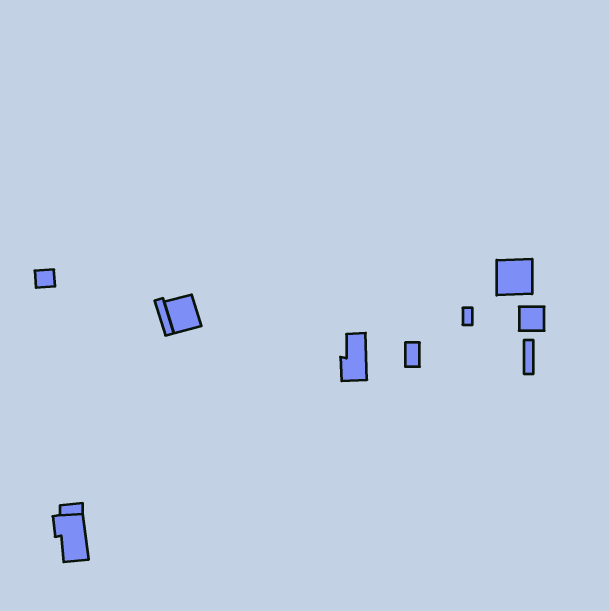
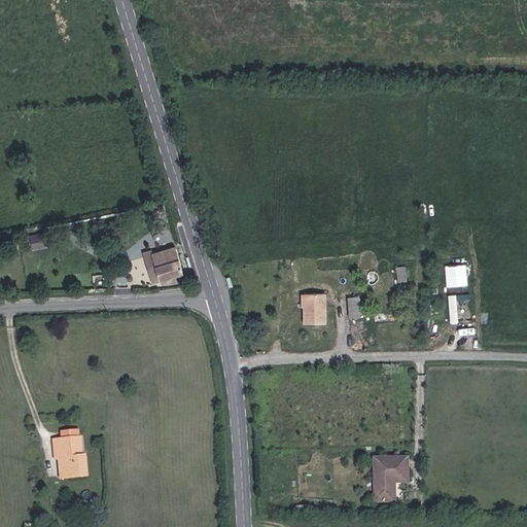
building: [497,259,532,295] -> none
building: none -> [375,453,413,501]

